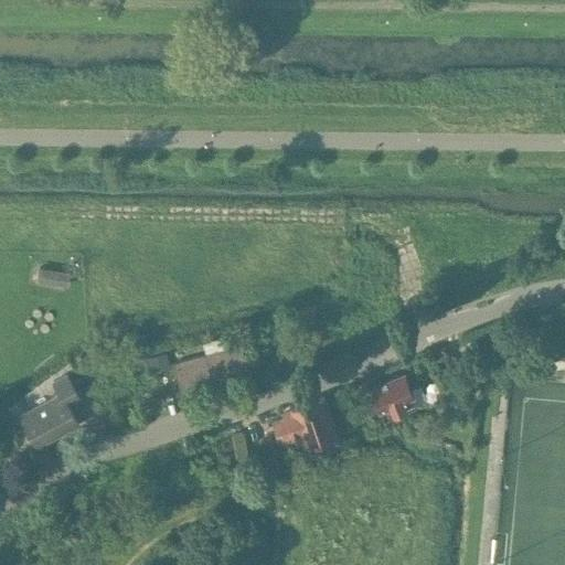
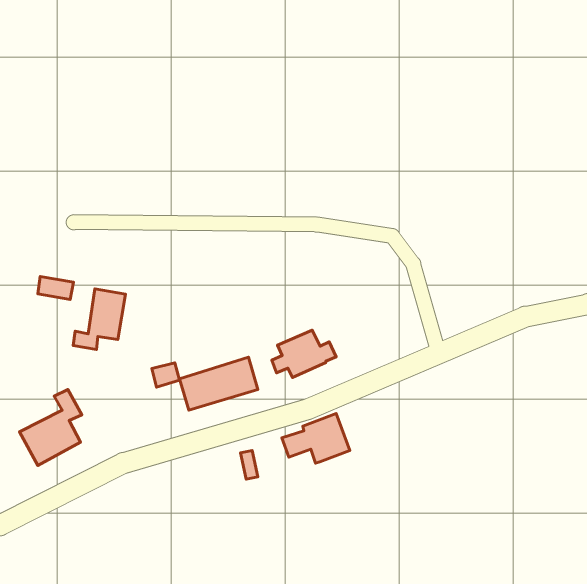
building: none -> [73,289,126,350]
building: [364,376,426,422] -> [272,330,336,377]

